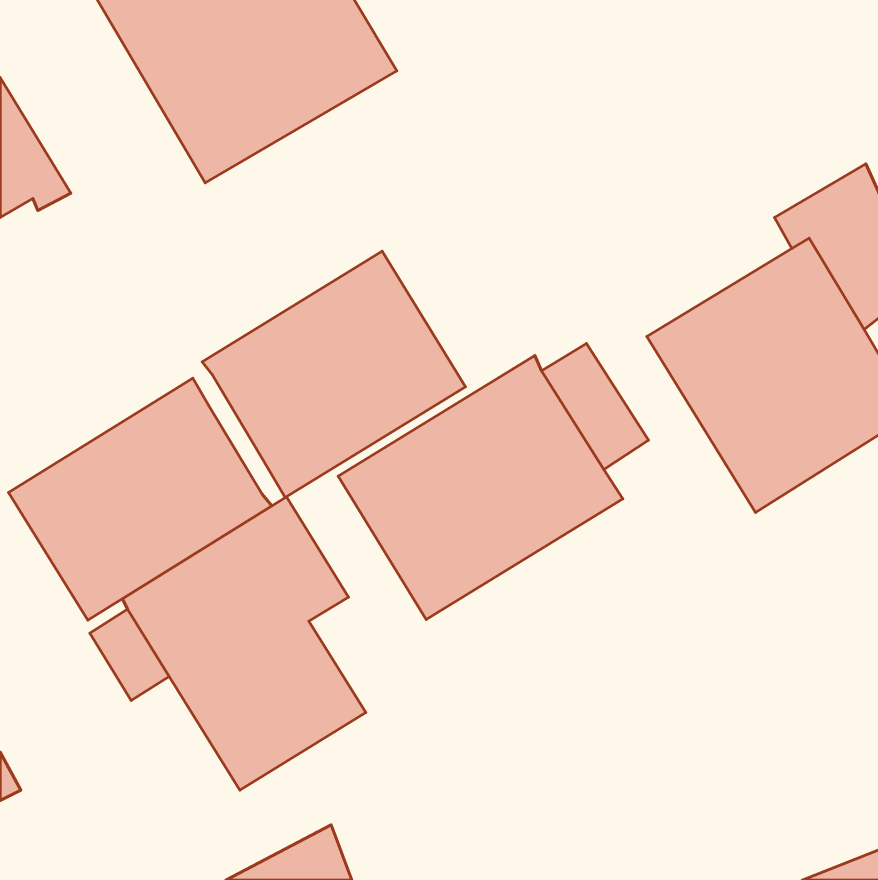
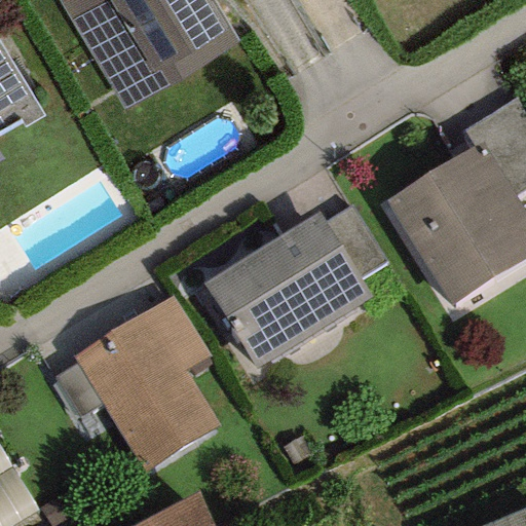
building: [202,251,465,498] -> none
building: [9,378,272,620] -> none

